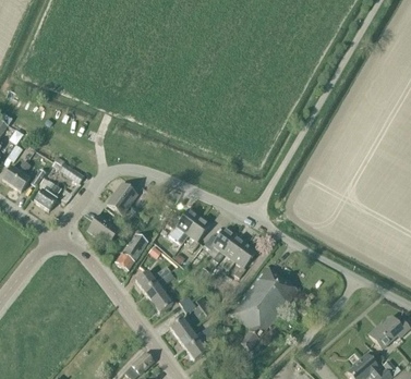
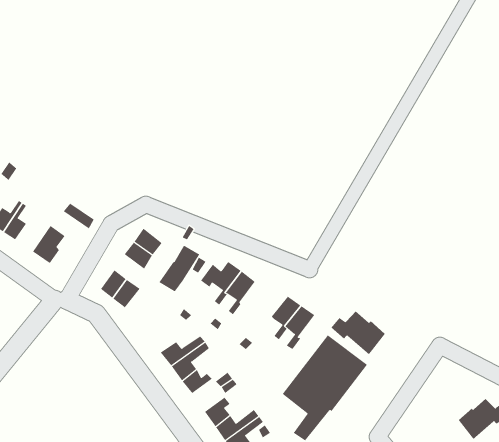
building: [206,227,235,262] -> none
building: [116,233,148,270] -> [158,245,200,292]
building: none -> [330,311,386,355]

